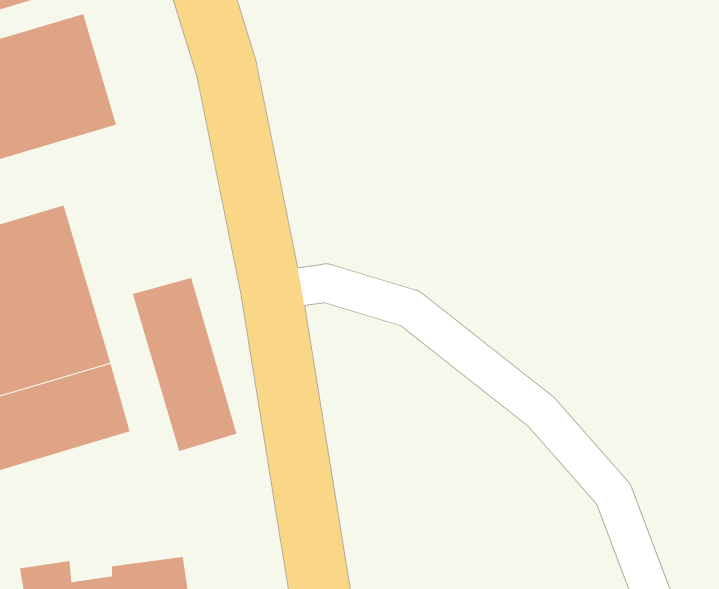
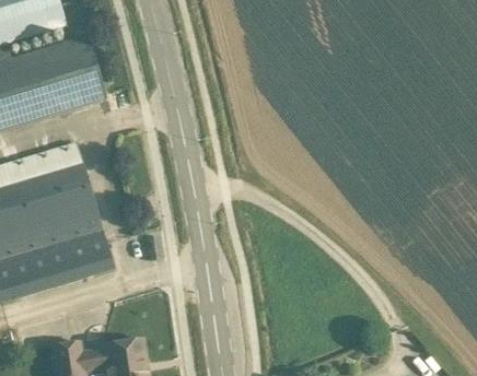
building: [132,277,237,452] -> none

